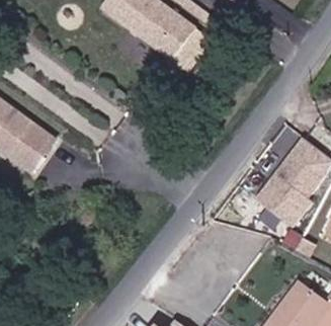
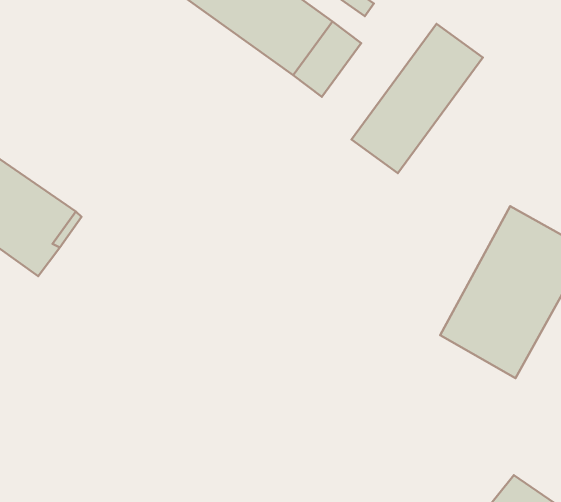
building: none -> [352,24,483,173]

